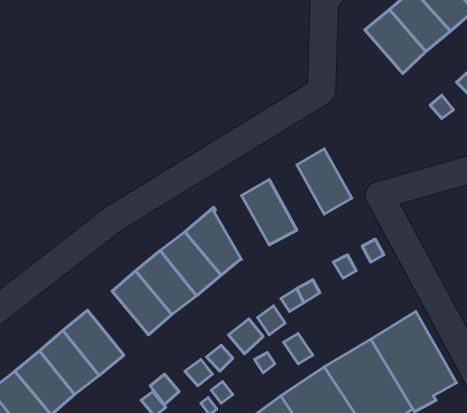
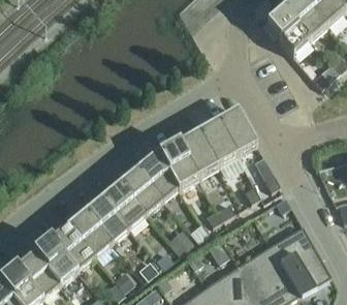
building: none -> [198,121,238,167]
building: none -> [159,143,198,189]
building: none -> [69,211,113,256]

